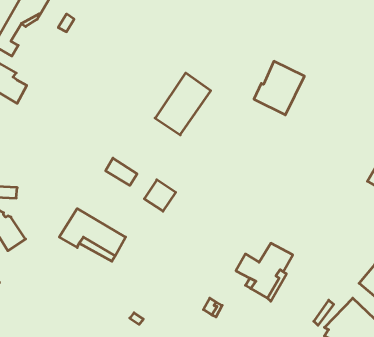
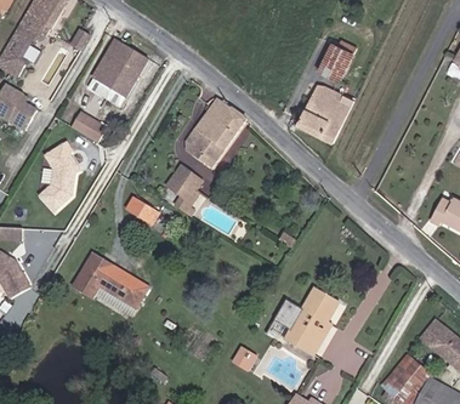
building: none -> [90,38,151,104]
building: none -> [318,42,356,81]
building: none -> [73,110,108,142]
building: none -> [41,147,74,210]
building: [144,180,176,211] -> [166,165,203,201]

